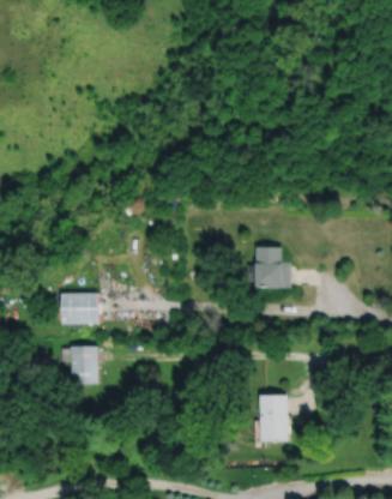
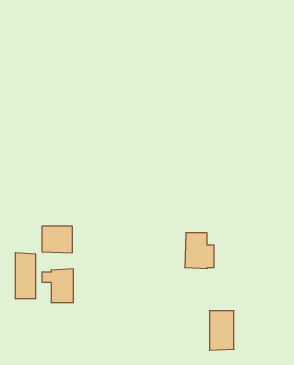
building: [255,248,290,290] -> [185,233,214,269]
building: none -> [15,253,35,299]

